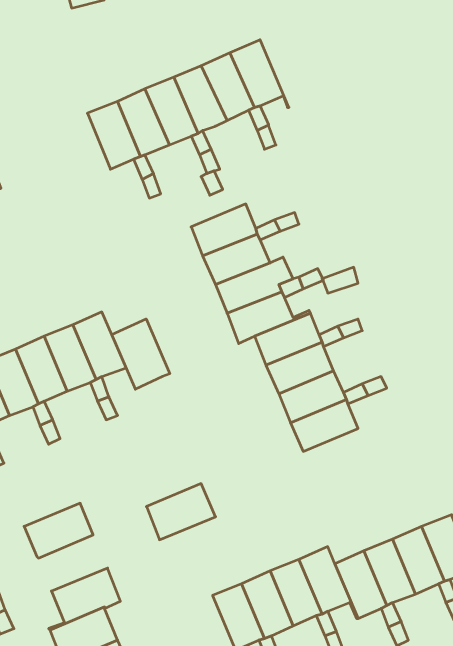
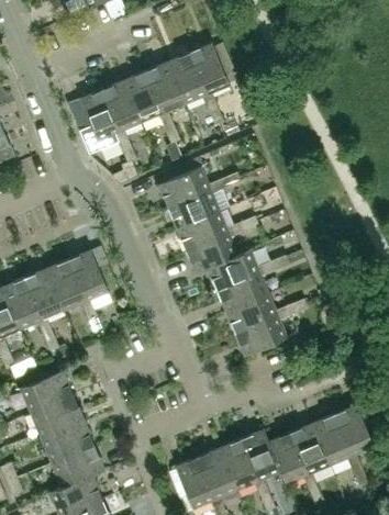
building: [112,319,170,389] -> none
building: none -> [21,370,74,413]
building: [146,484,216,540] -> [42,419,95,462]

